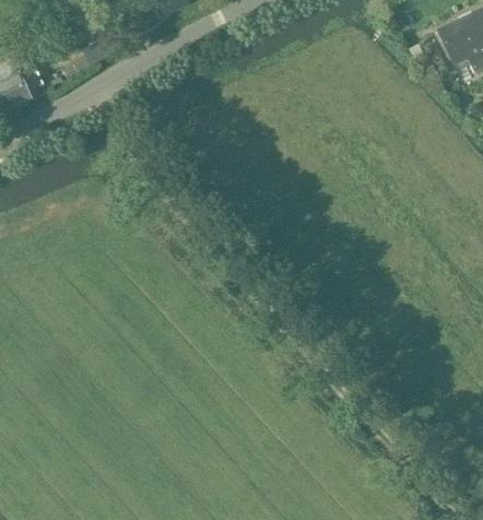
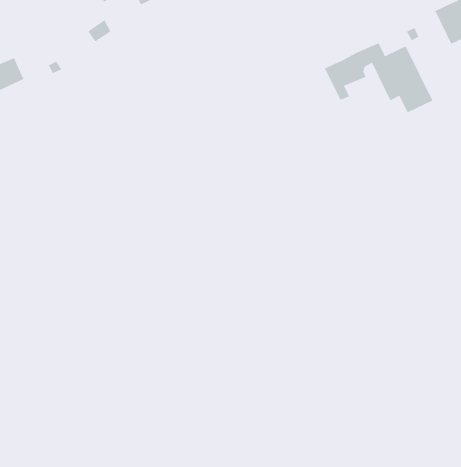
building: none -> [324,42,433,113]

